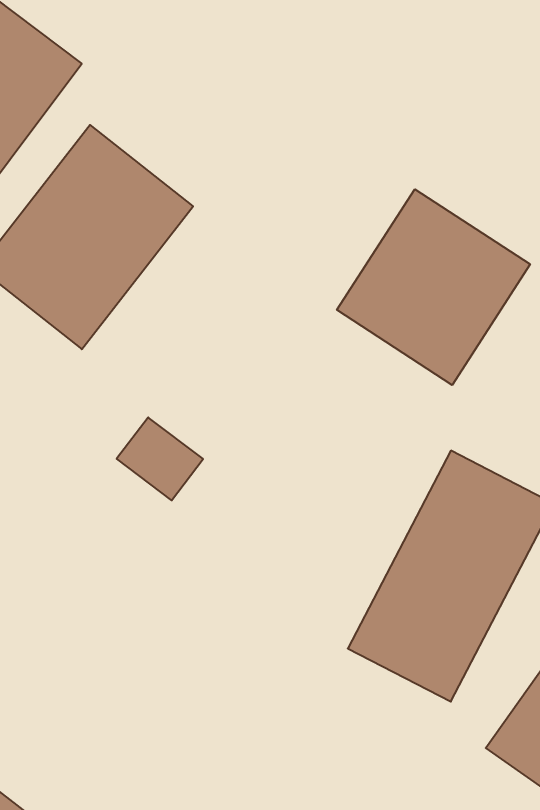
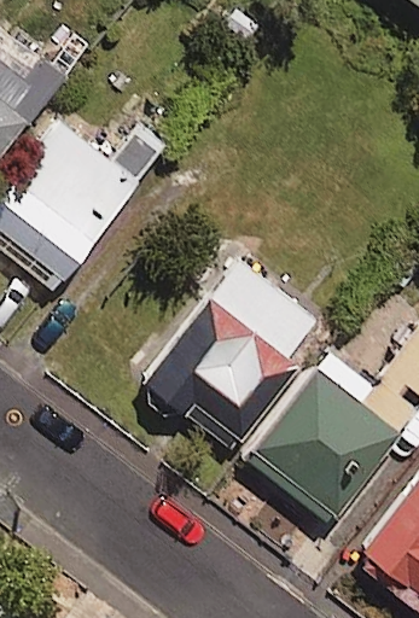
building: [337,189,530,385] -> none
building: none -> [150,253,332,457]

